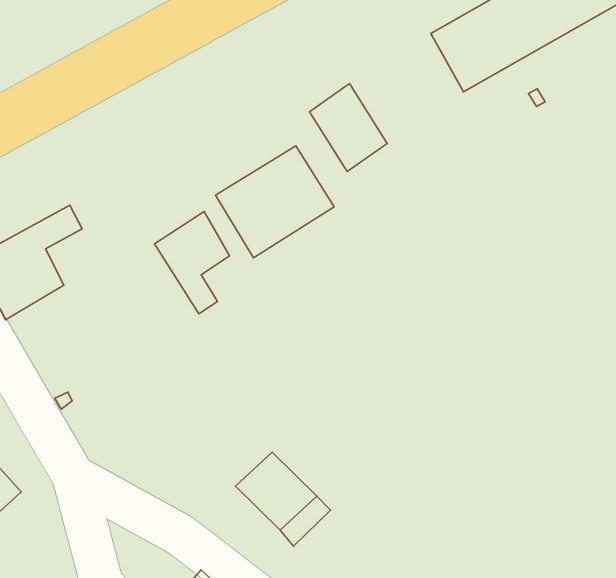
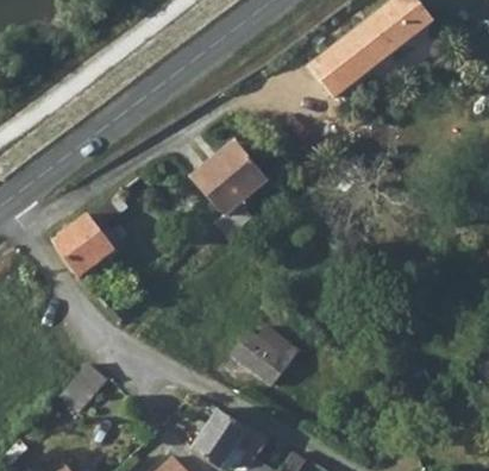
building: [309,84,387,172] -> none
building: [155,211,230,314] -> none

